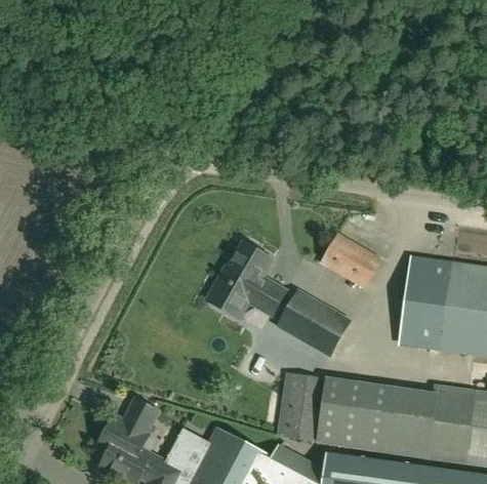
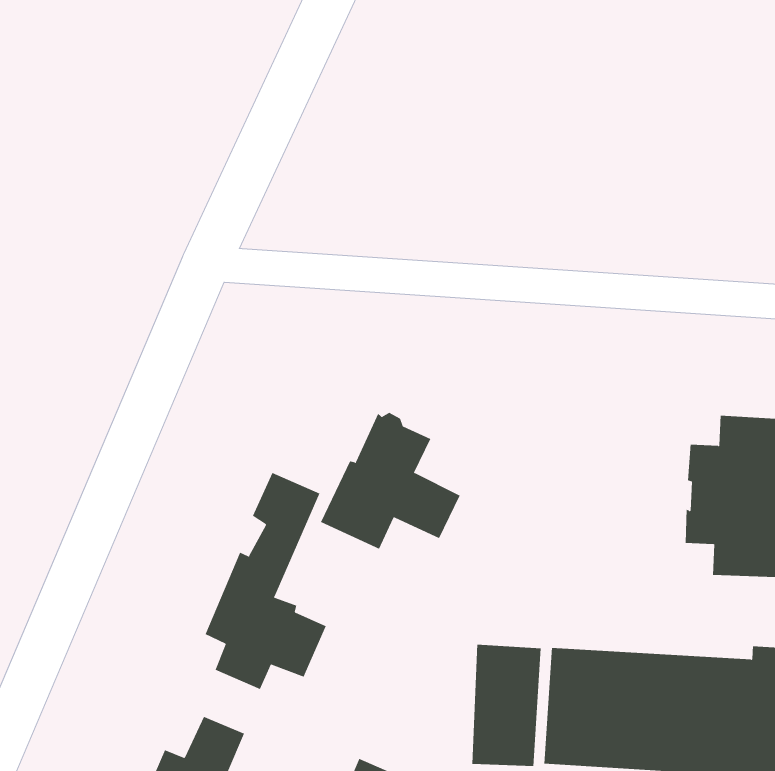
building: [322,233,380,286] -> none
building: none -> [205,472,327,690]
building: [280,292,349,354] -> none

